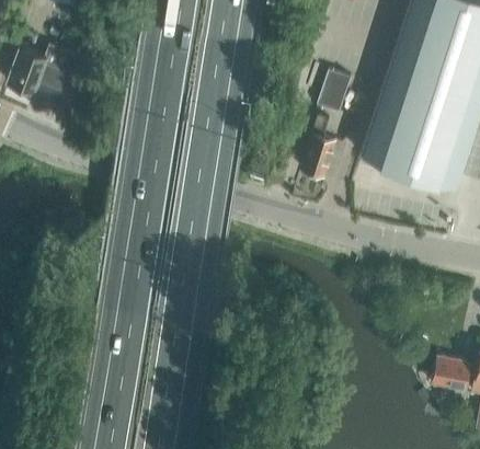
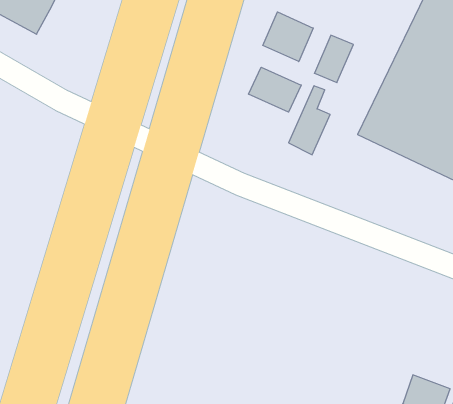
building: none -> [263,12,313,62]
building: none -> [249,67,301,112]

